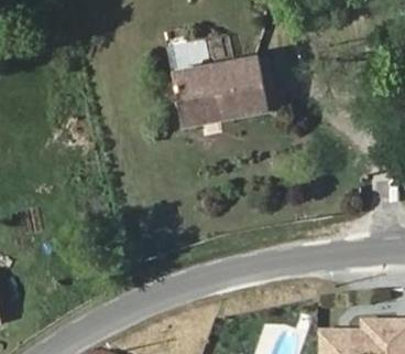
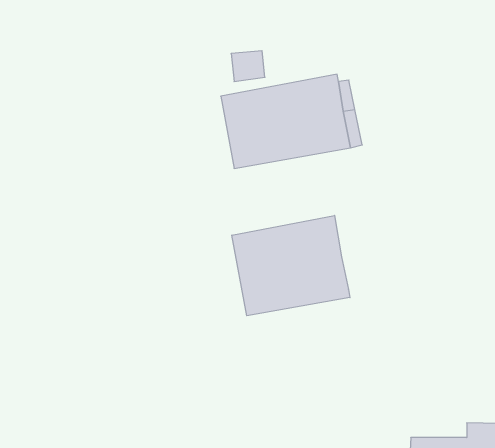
building: none -> [232,215,350,316]

